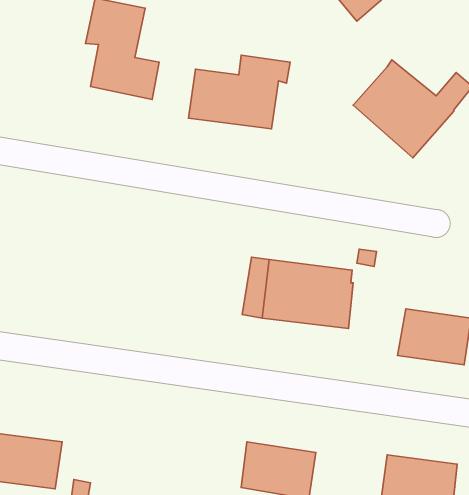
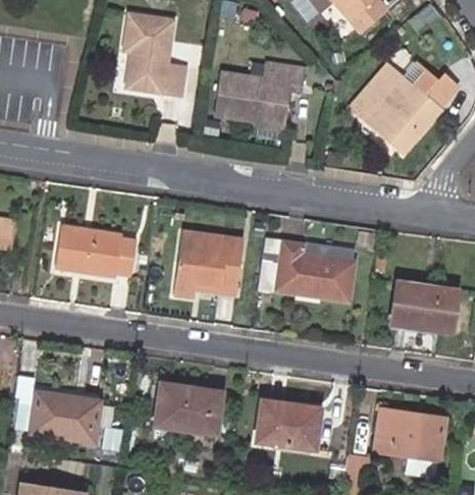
building: none -> [57,228,137,276]
building: none -> [175,230,243,296]
building: none -> [156,384,221,431]

